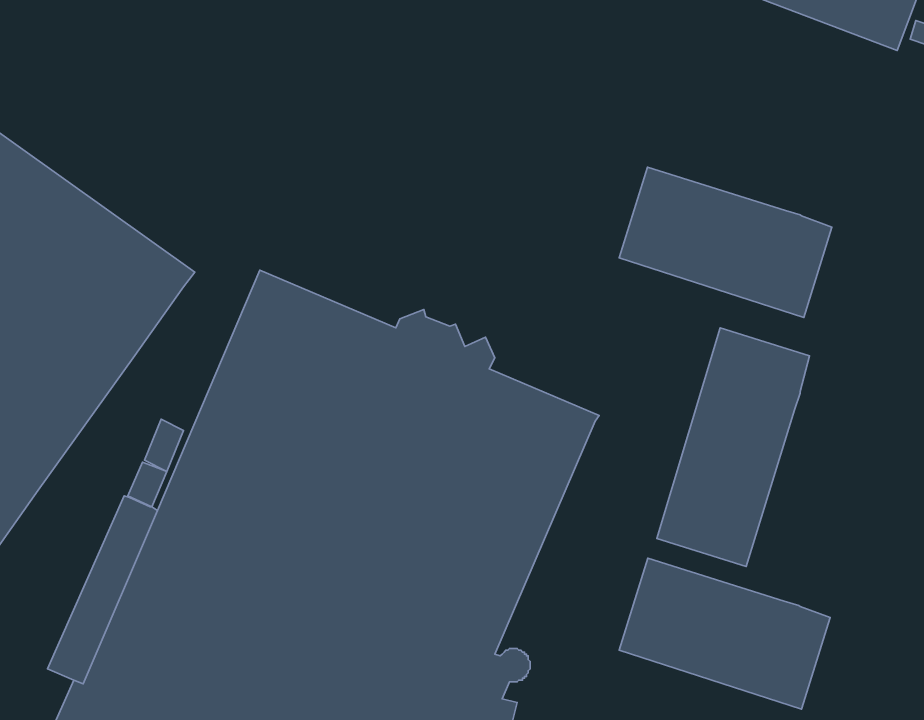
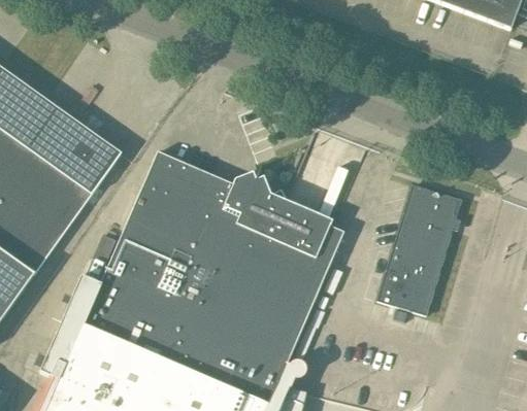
building: [619,167,832,318] -> none
building: [619,558,830,709] -> none

